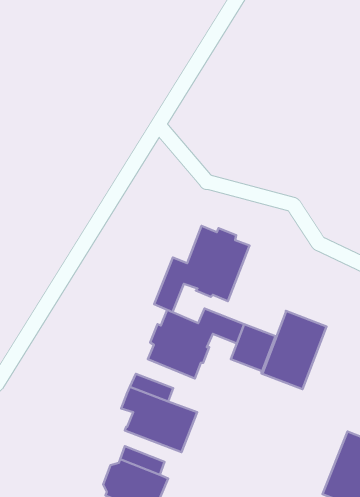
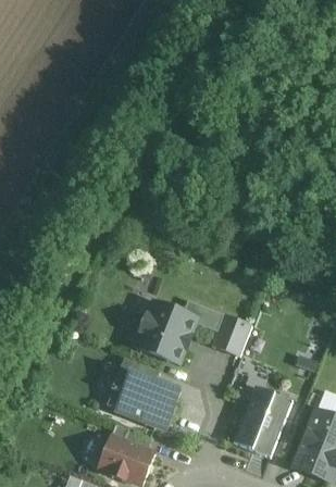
building: [154,226,250,312] -> none
building: [262,311,327,389] -> [232,387,290,458]

